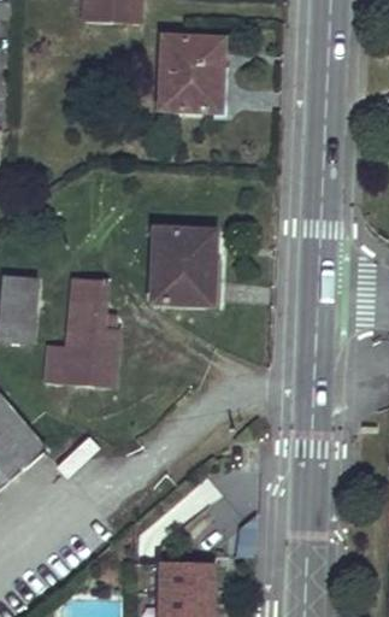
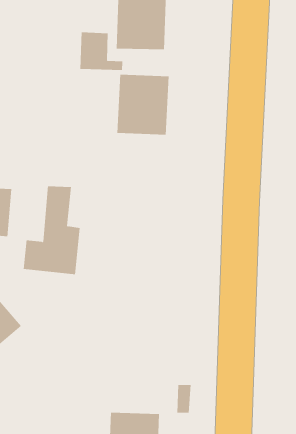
building: none -> [80,31,123,71]
building: [152,227,217,301] -> [116,74,169,135]

